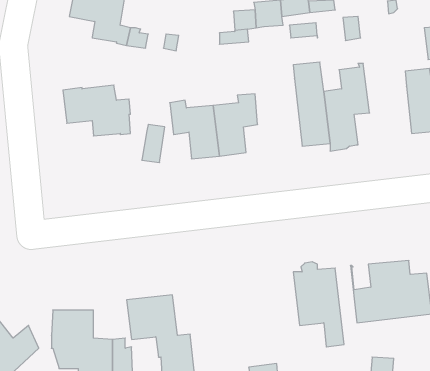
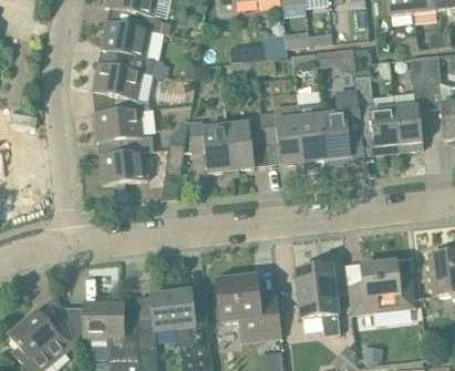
building: none -> [93,61,149,111]
building: none -> [355,75,399,153]
building: none -> [262,102,303,164]
building: none -> [100,150,147,183]
building: none -> [217,275,281,341]

